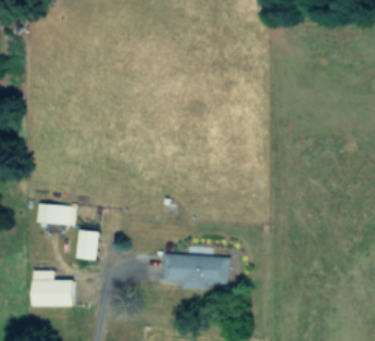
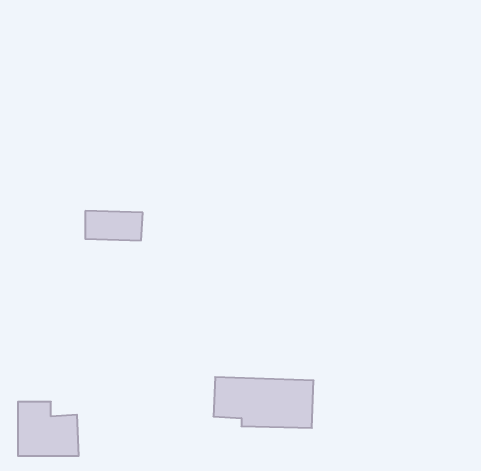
building: [37,204,75,224] -> [85,211,143,240]
building: [76,230,98,260] -> none

